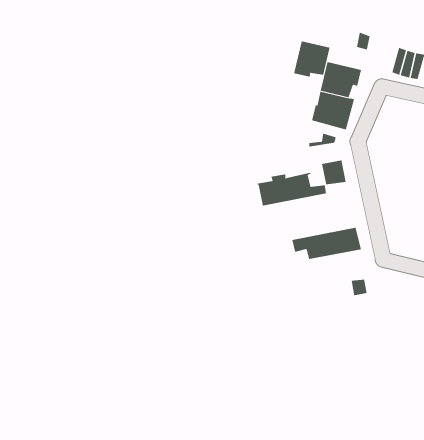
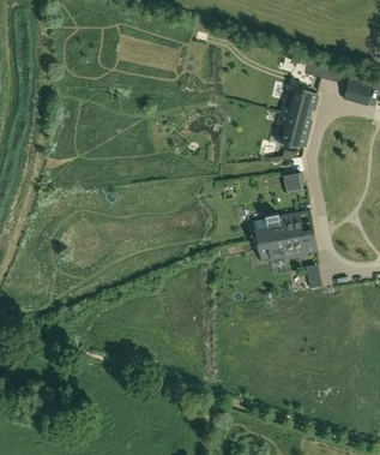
building: [294,40,330,78] -> none
building: [256,172,327,206] -> [253,212,313,241]

